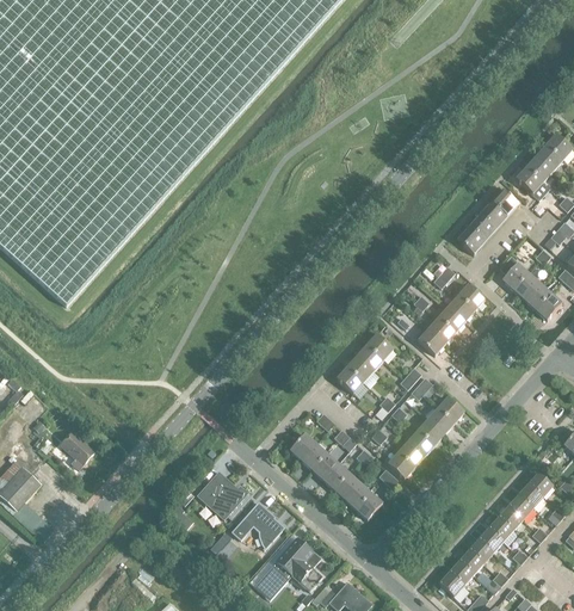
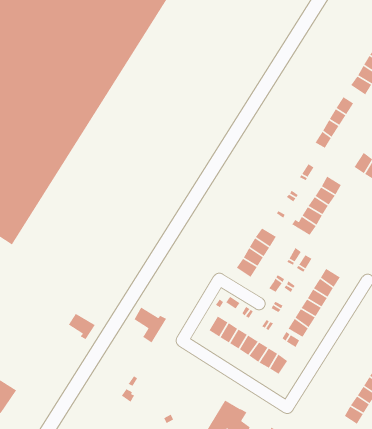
building: [61,431,95,467] -> [68,313,96,340]
building: [206,471,248,519] -> [133,306,167,343]
building: [234,501,284,542] -> none

